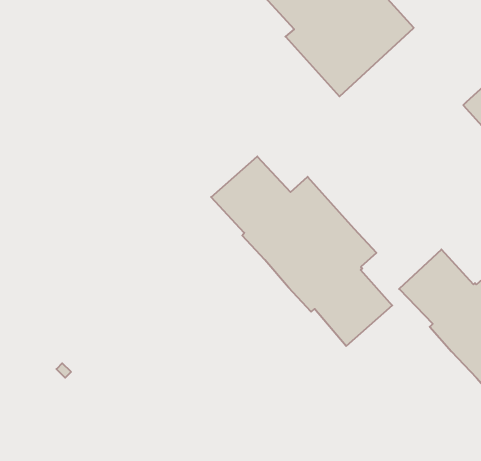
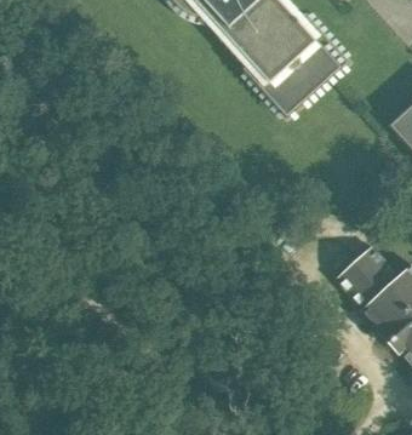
building: [211,156,392,346] -> none

